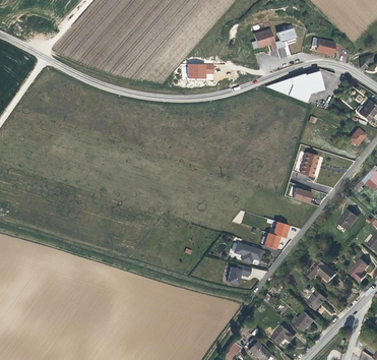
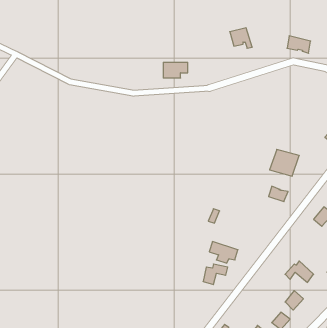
building: [265,71,323,103] -> none
building: [263,222,290,250] -> none

